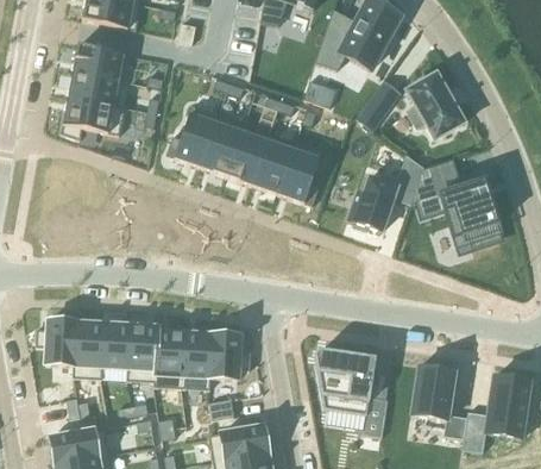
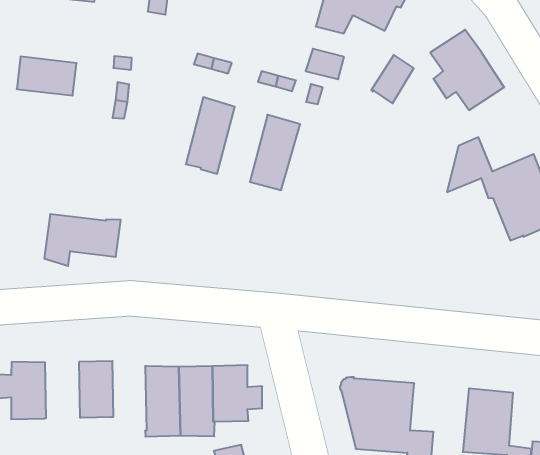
building: [73,44,122,79] -> none
building: [61,96,125,139] -> [44,214,121,266]
building: [165,105,219,167] -> none
building: [226,123,270,185] -> none
building: [277,140,322,205] -> none
building: [347,154,423,231] -> none
building: [73,320,103,379] -> none
building: [126,323,159,381] -> none

